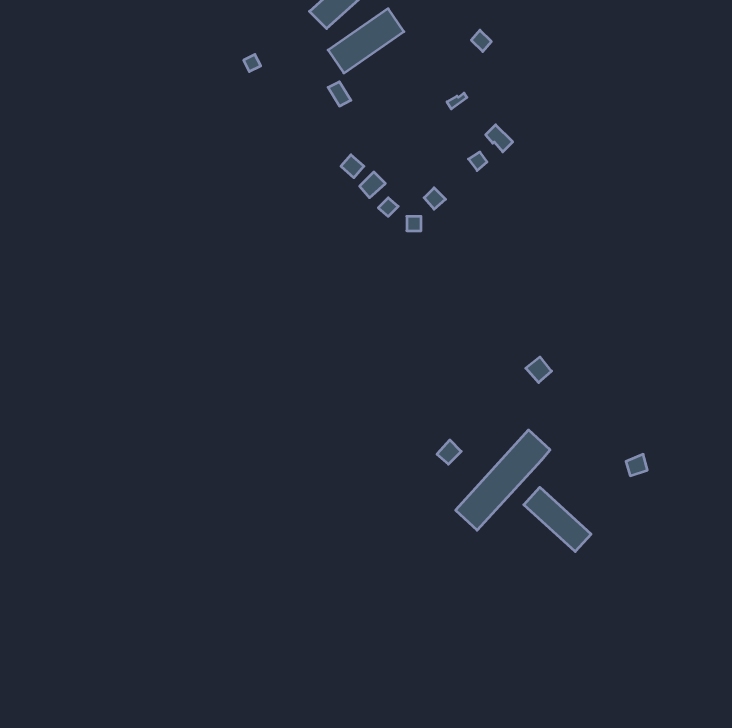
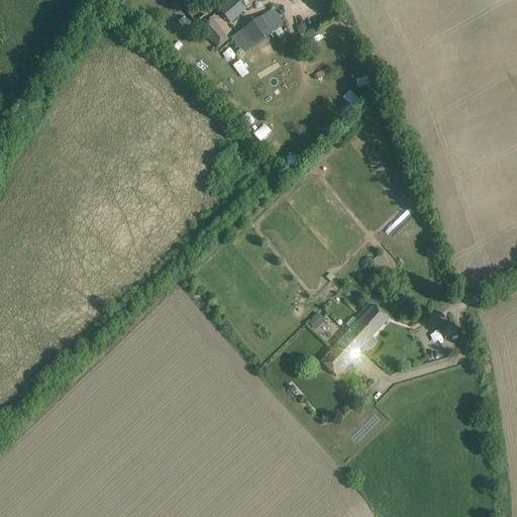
building: none -> [198,14,229,46]
building: [524,487,591,552] -> none

